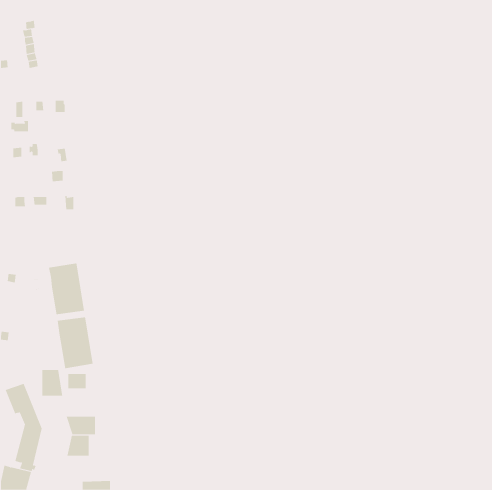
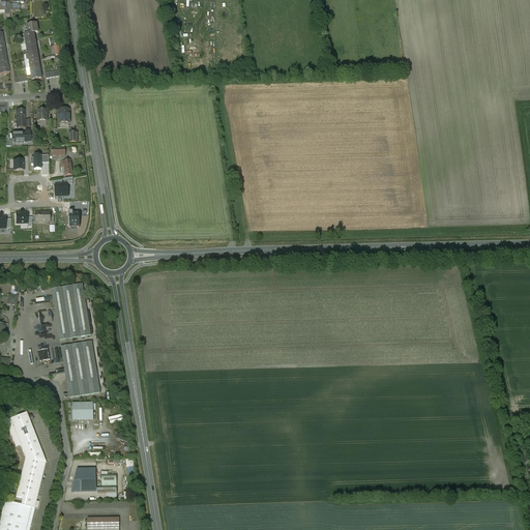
building: [42,369,63,396] -> none
building: [66,416,95,435] -> none

